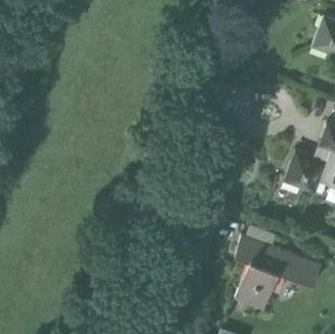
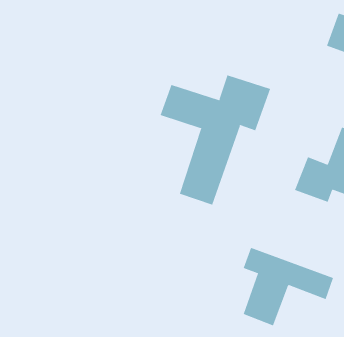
building: none -> [160,74,271,206]

